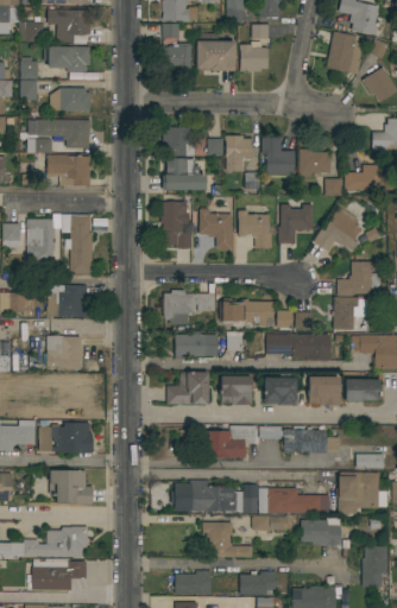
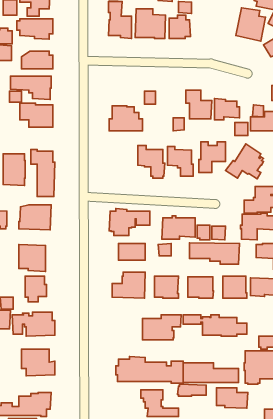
building: [163,127,194,157] -> none
building: [226,135,253,157] -> none
building: [160,202,191,248] -> none

